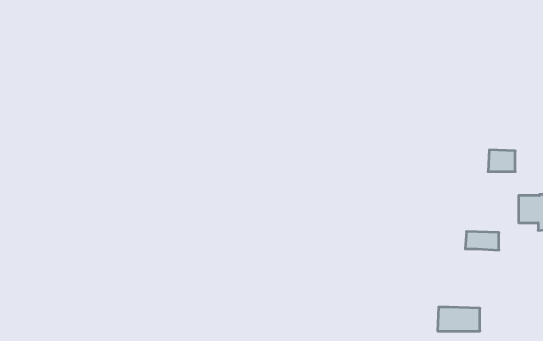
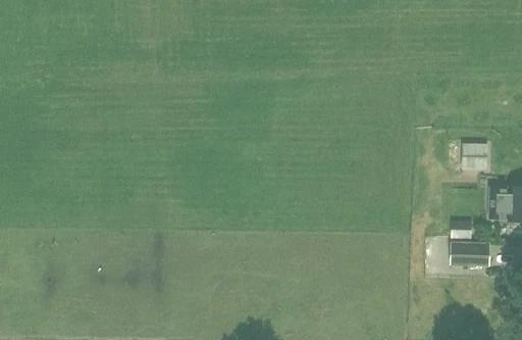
building: [438,307,480,331] -> [451,242,490,264]

